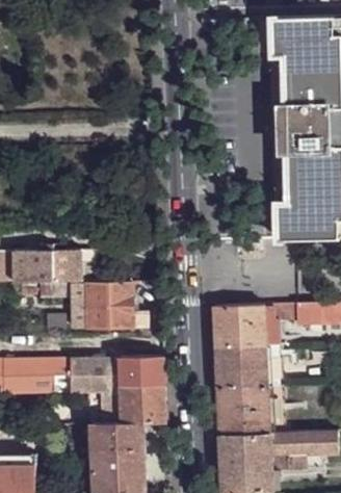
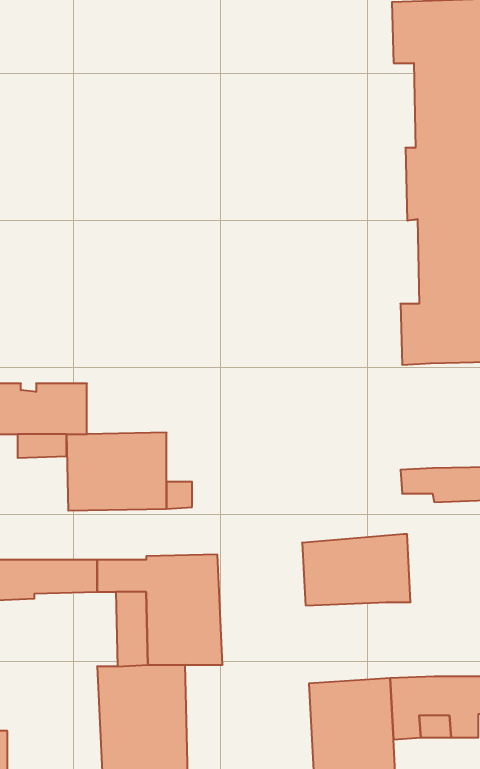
building: [214,305,278,349] -> none
building: [217,386,269,436] -> none

